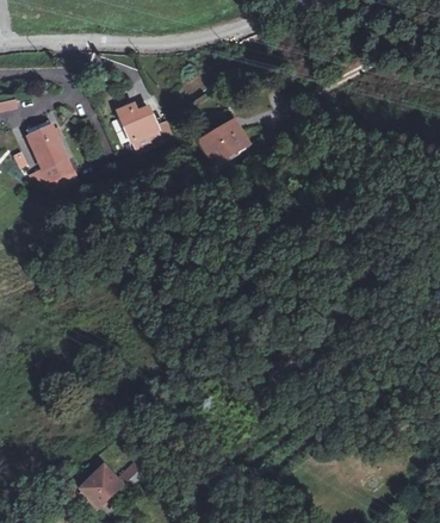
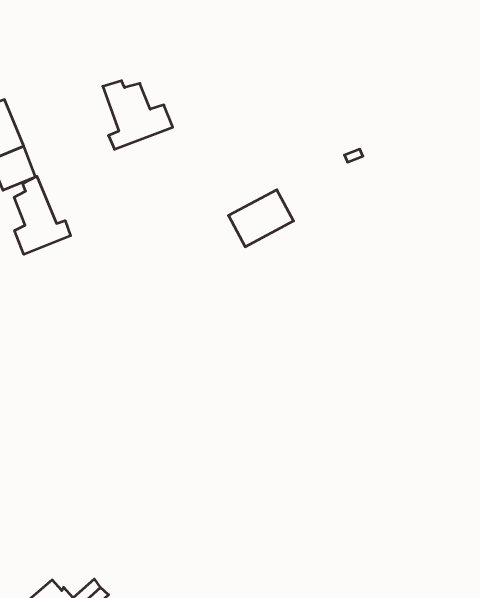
building: [199,119,246,161] -> [228,190,294,247]
building: none -> [14,176,71,254]

